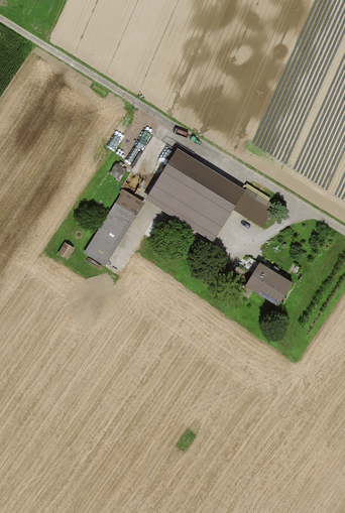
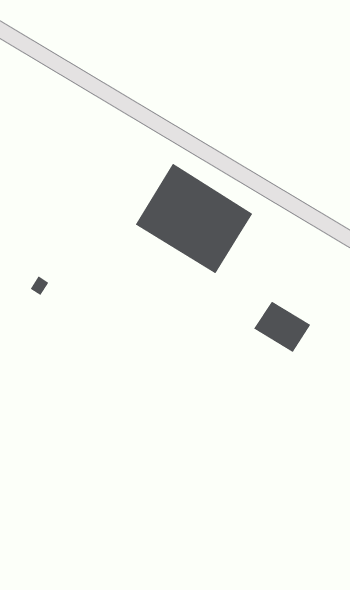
building: [233,186,277,228] -> none
building: [84,188,145,266] -> none

